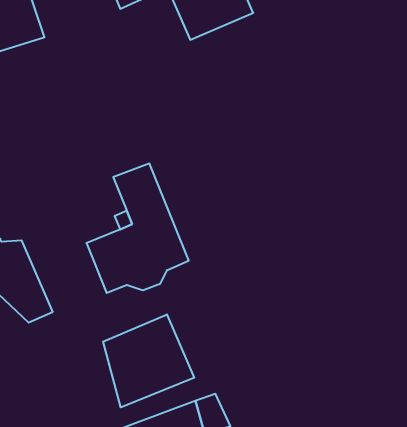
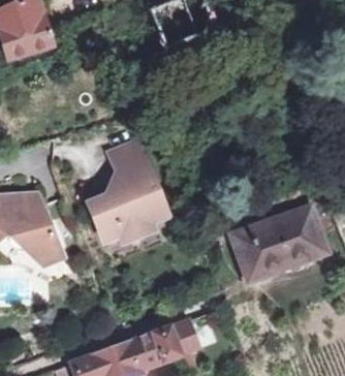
building: none -> [231,207,326,278]
building: [103,314,194,407] -> none

